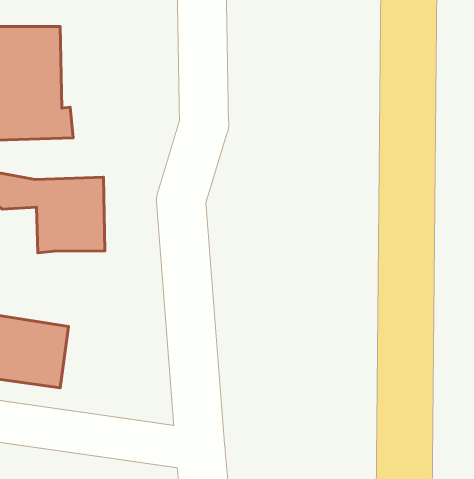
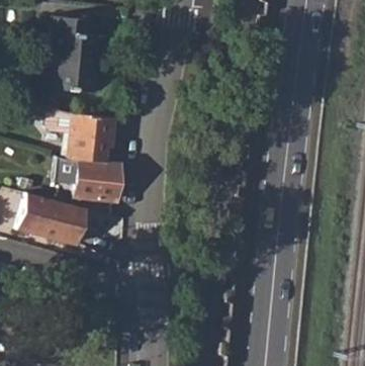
building: none -> [78,161,122,202]

